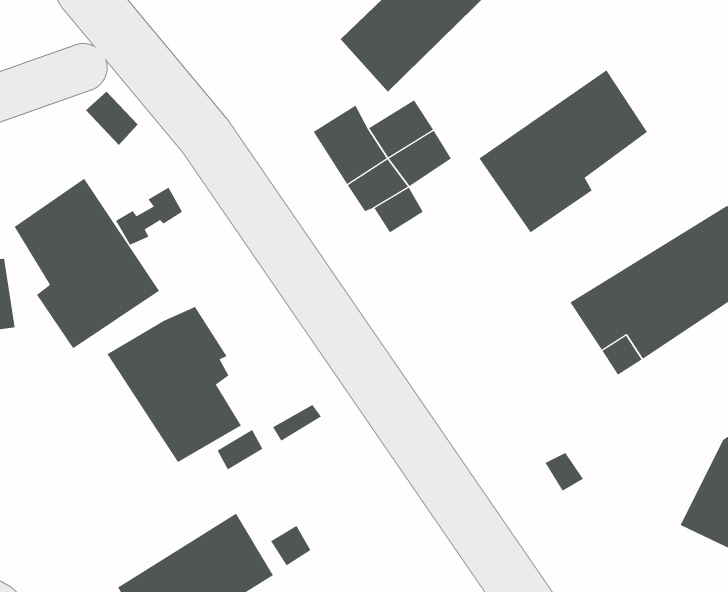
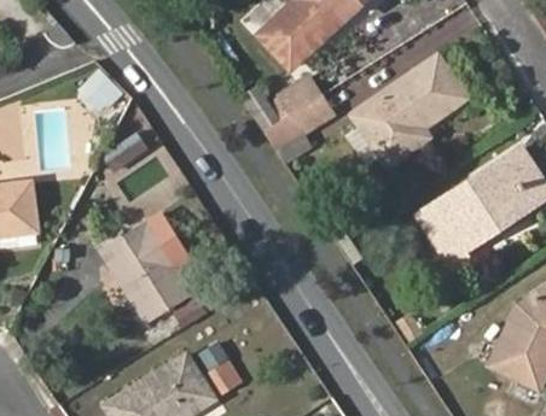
building: [14,178,160,349] -> none

